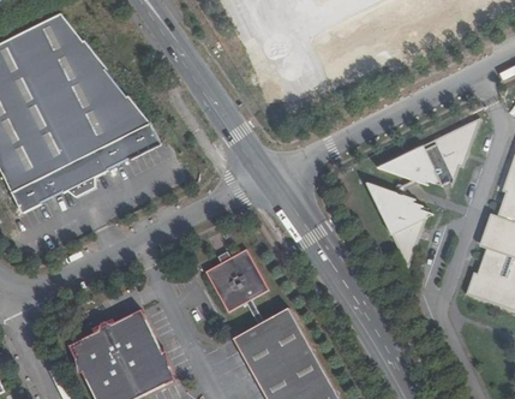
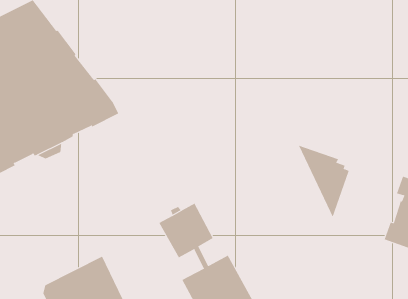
building: [379,117,479,183] -> none

